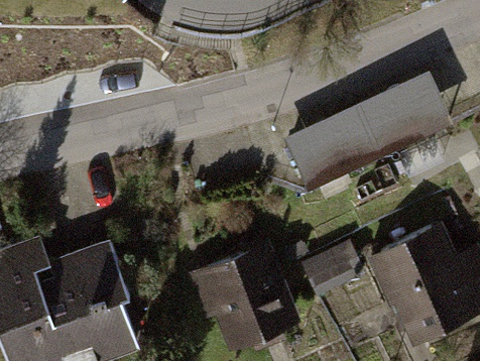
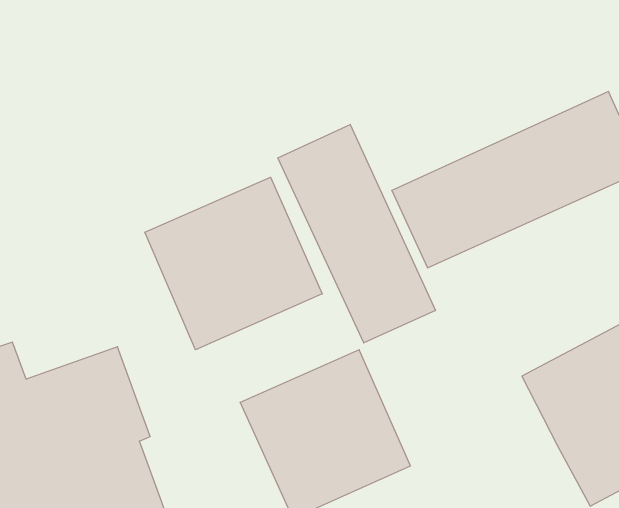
building: none -> [278,124,435,343]
building: none -> [145,177,322,350]

